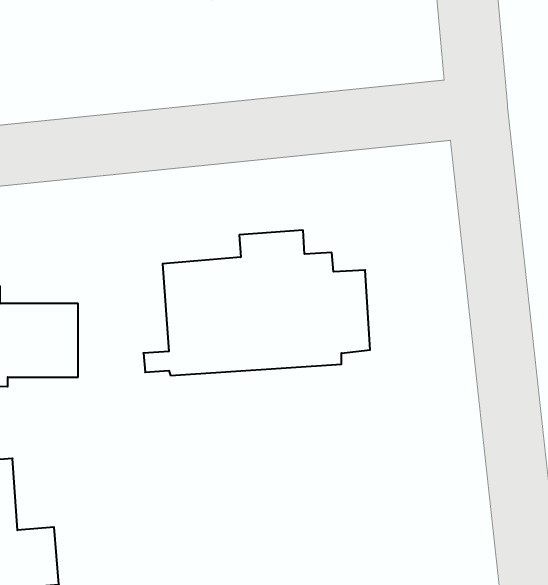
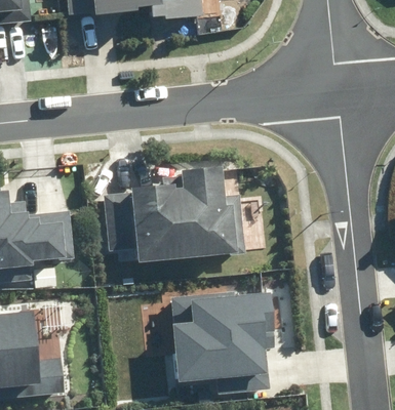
building: none -> [172,293,273,382]

